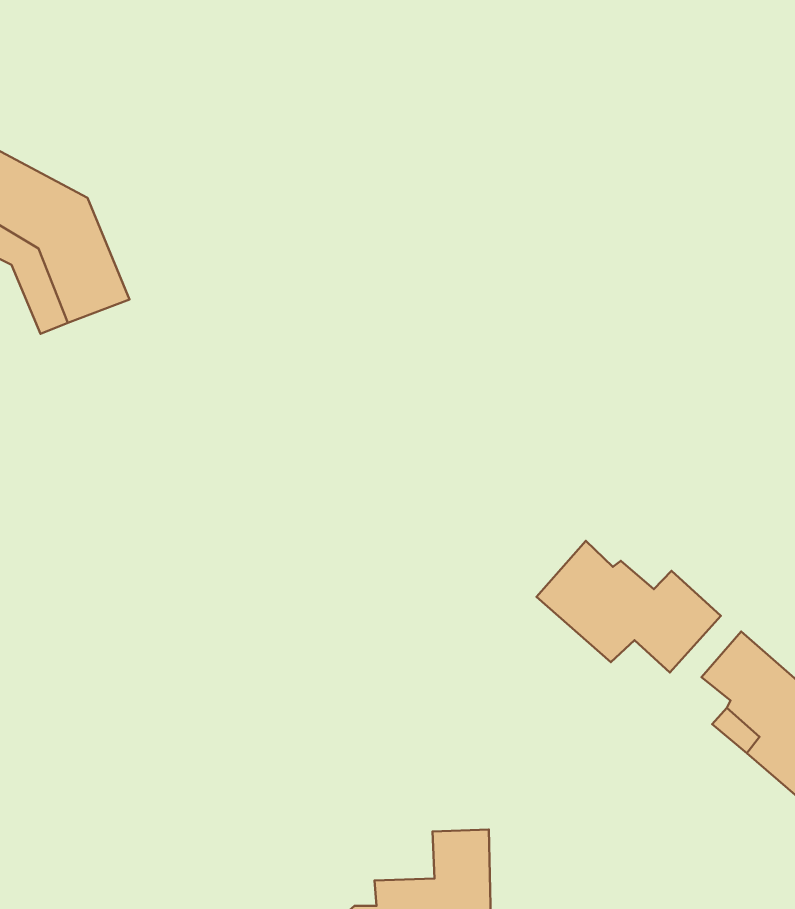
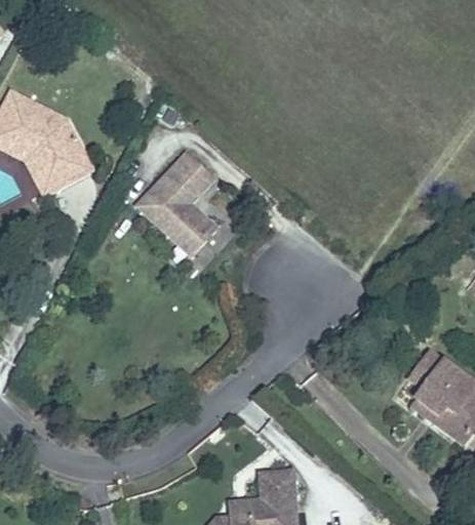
building: none -> [144,161,221,258]
building: [537,541,721,672] -> none

